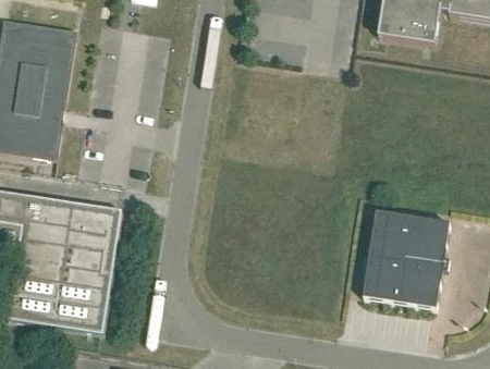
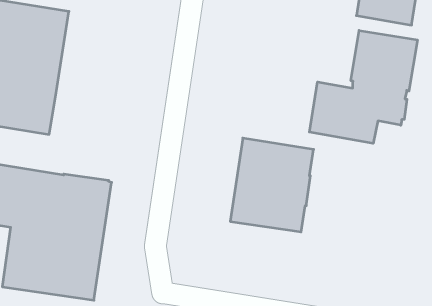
building: none -> [309,30,417,143]
building: [362,210,449,308] -> [230,138,314,232]

